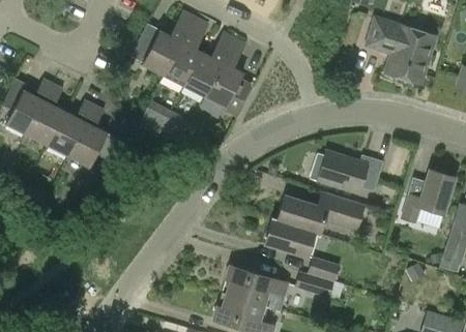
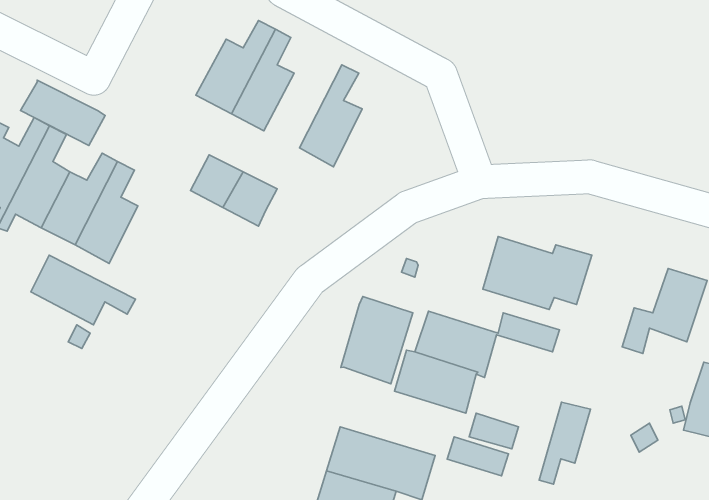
building: [366,21,436,86] -> none
building: [183,40,231,96] -> none
building: none -> [21,80,105,146]
building: none -> [31,255,136,325]
building: none -> [341,296,413,384]
building: none -> [539,402,591,484]

